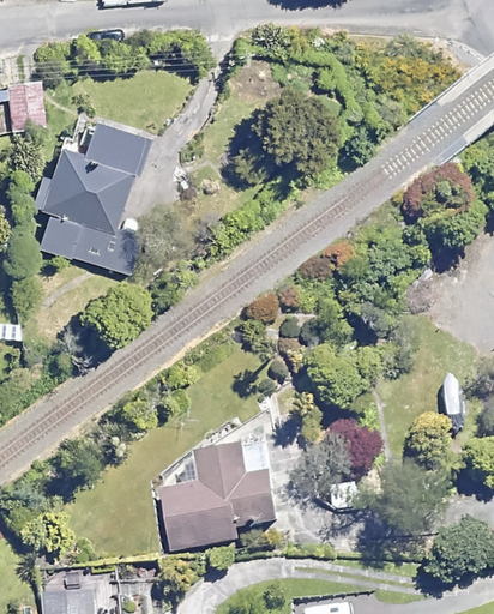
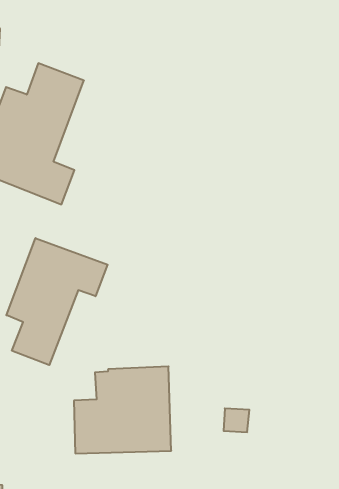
building: none -> [6,238,108,365]

